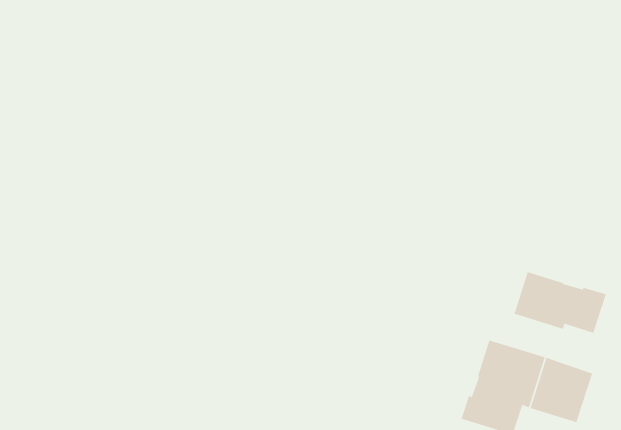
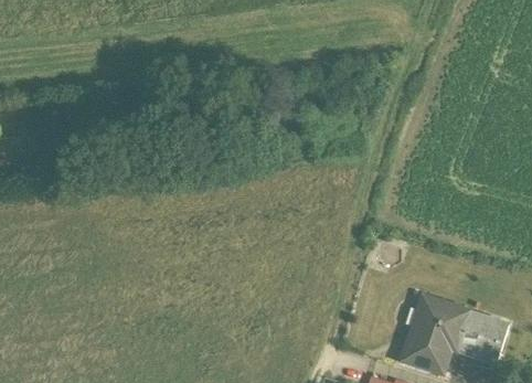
building: [513,271,607,334] -> none

